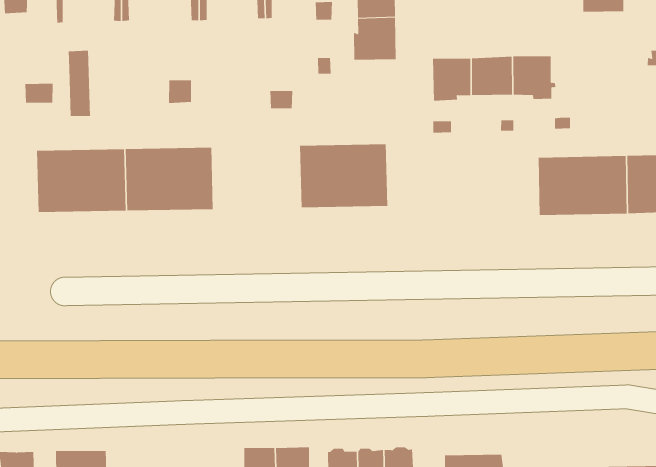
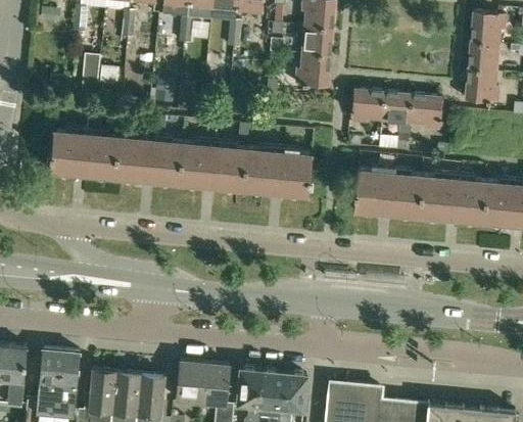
building: none -> [464,71,497,105]
building: none -> [179,139,247,191]
building: none -> [351,167,422,217]

